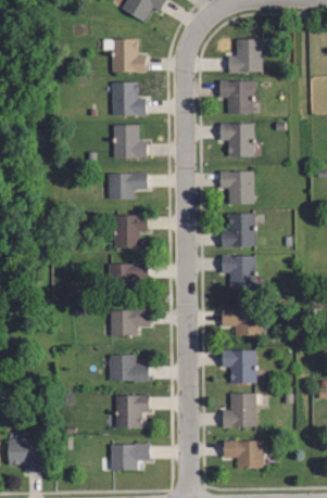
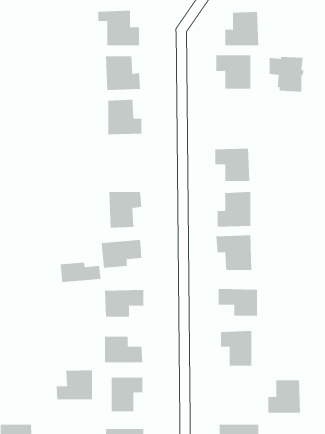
building: [218,123,253,157] -> [269,56,305,92]
building: [110,173,146,200] -> none
building: none -> [60,262,101,283]
building: none -> [56,369,92,400]
building: [224,394,256,426] -> [268,380,301,413]

